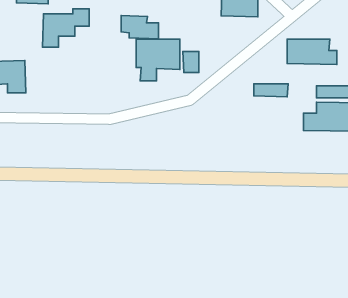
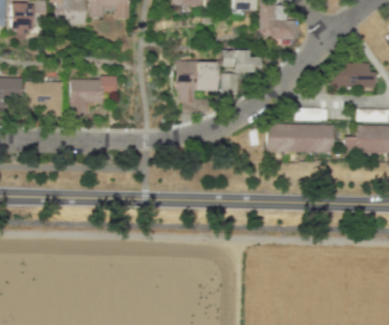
building: [42,9,89,47] -> [68,77,115,115]
building: [121,16,159,39] -> [222,50,259,74]
building: none -> [264,123,333,151]

